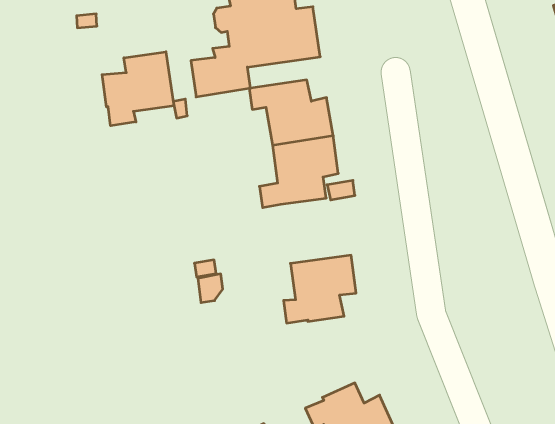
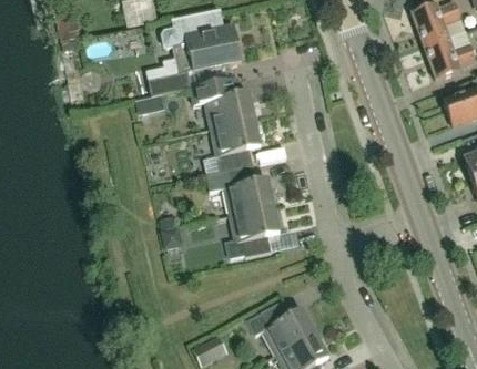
building: [102,52,174,126] -> none
building: none -> [207,164,275,214]

